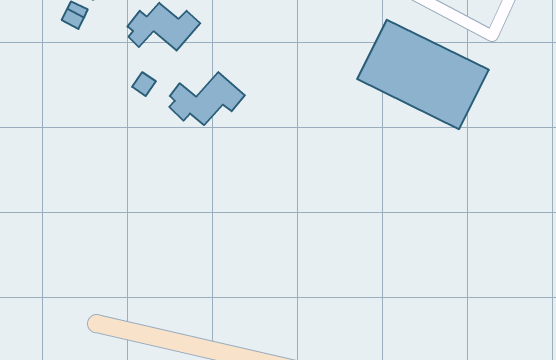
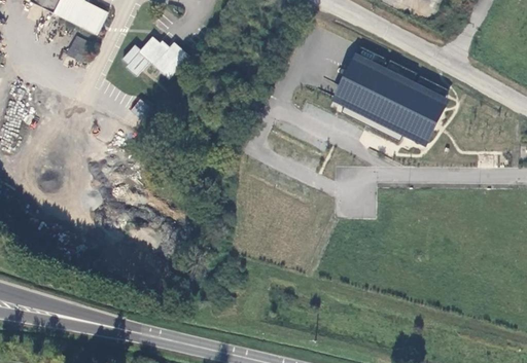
building: [169,72,245,125] -> none

